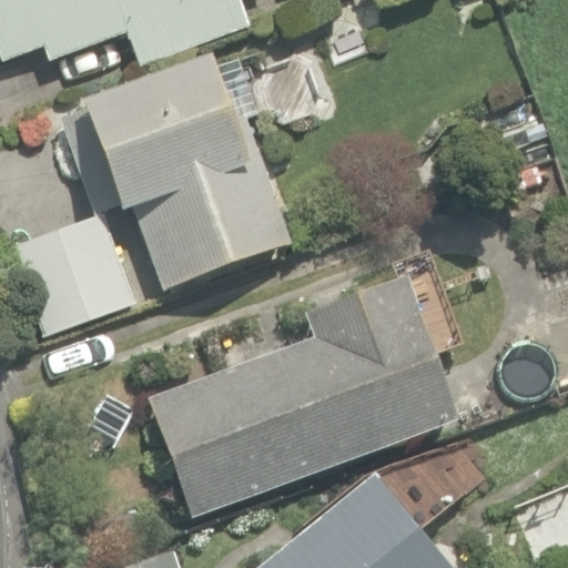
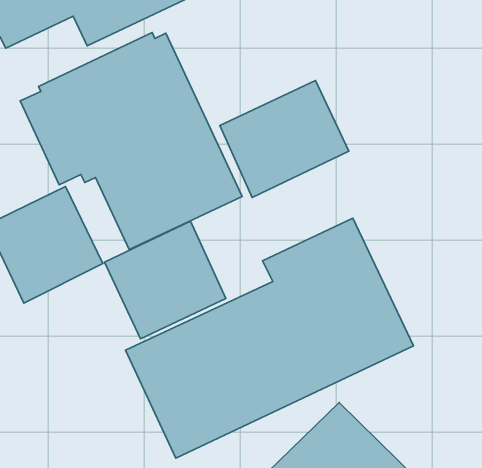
building: none -> [220,80,349,197]
building: none -> [105,221,226,339]

